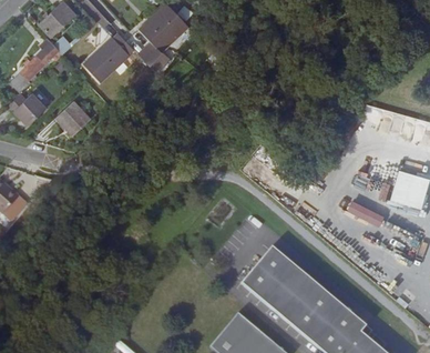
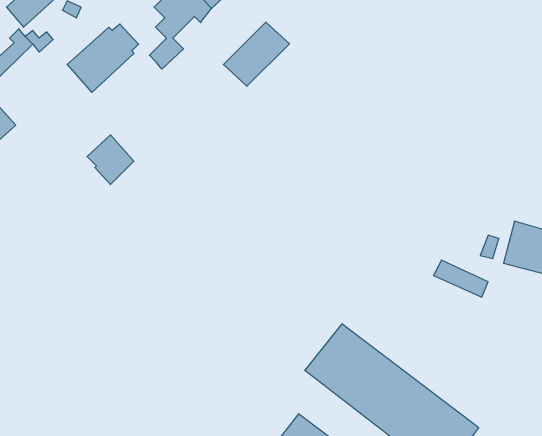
building: none -> [223,22,289,86]
building: [55,101,89,137] -> [87,135,134,185]

